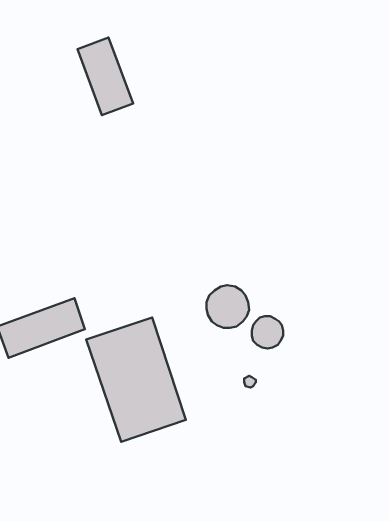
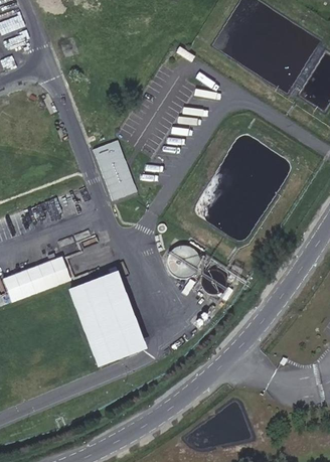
building: [77,38,133,115] -> [93,139,136,199]

